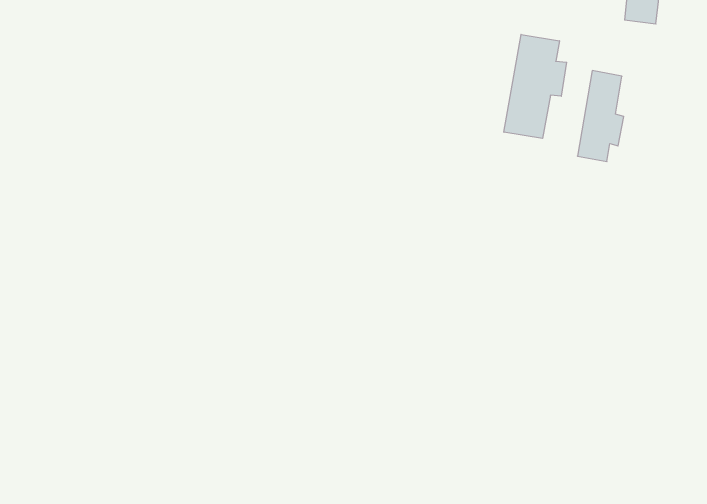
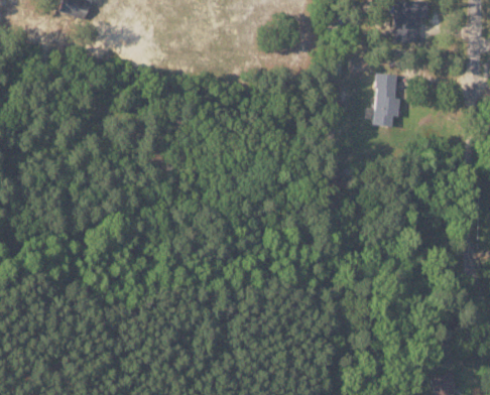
building: [504,34,567,138] -> none

